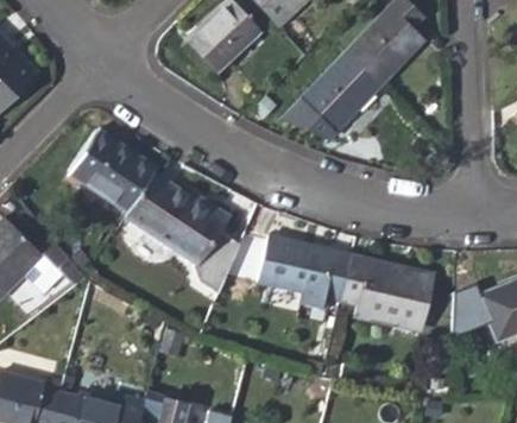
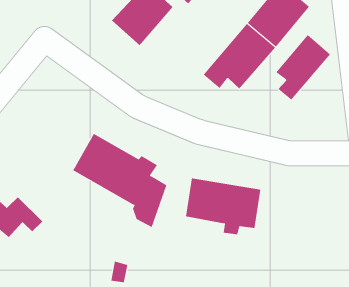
building: none -> [275,34,331,100]
building: [70,131,157,212] -> none
building: [341,255,436,324] -> none

